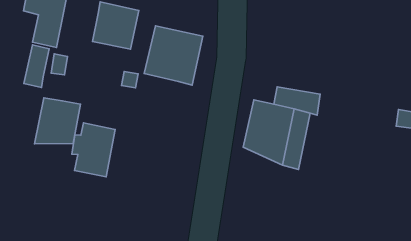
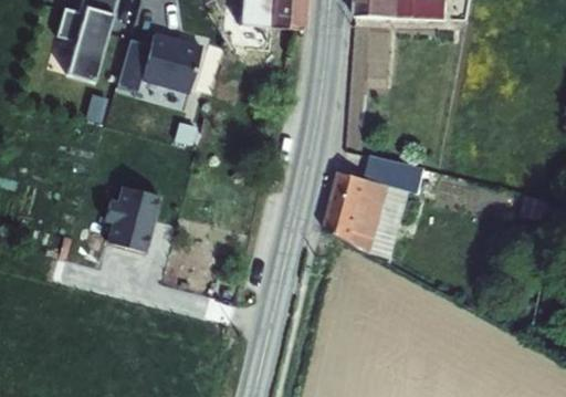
building: [144,26,203,85] -> none
building: [24,45,49,87] -> [115,38,150,93]
building: [34,98,80,144] -> none

